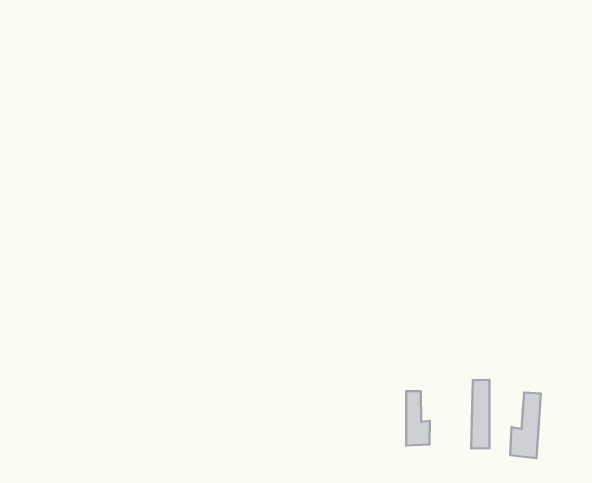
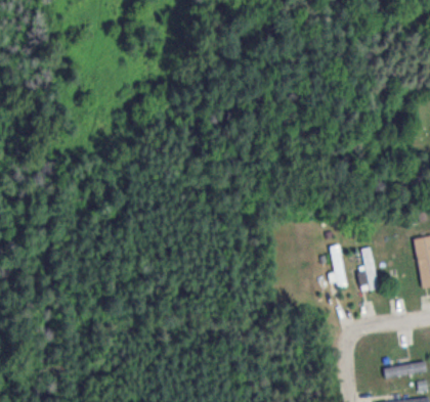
building: [406,391,430,445] -> none

